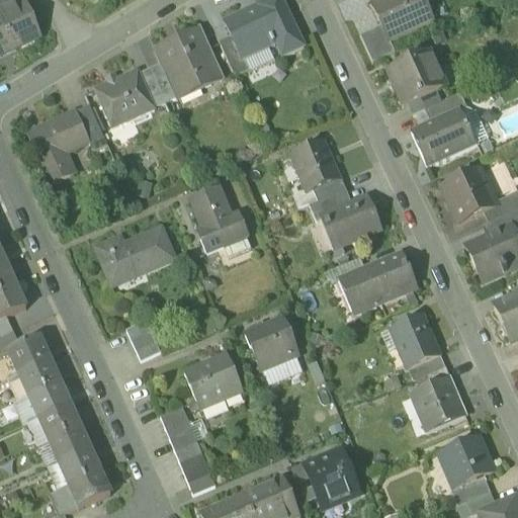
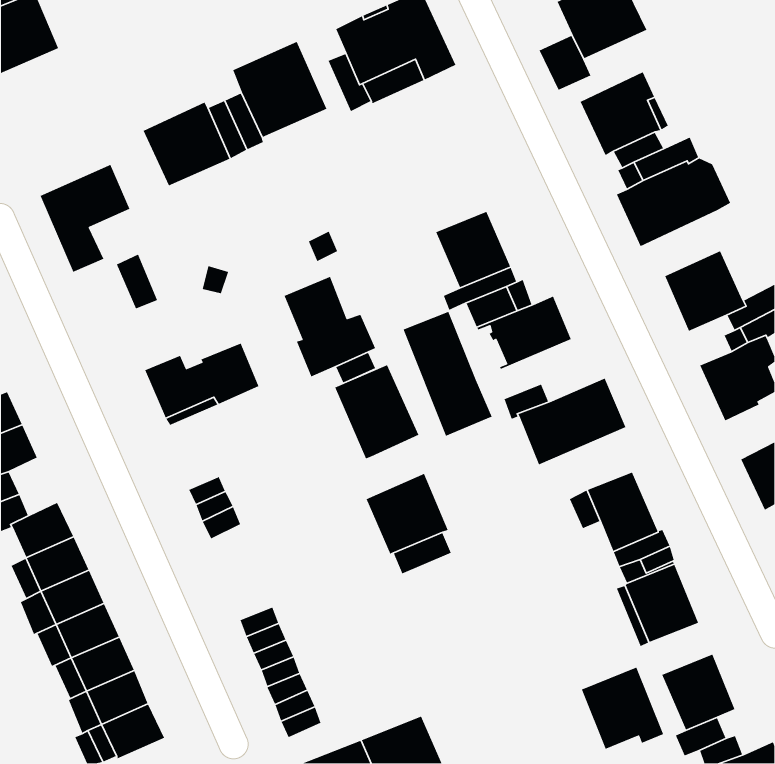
building: [74,102,102,140] -> [116,253,158,310]
building: none -> [403,311,493,437]
building: none -> [334,364,419,459]
building: [185,351,242,407] -> none
building: [304,448,359,504] -> [581,666,664,750]

